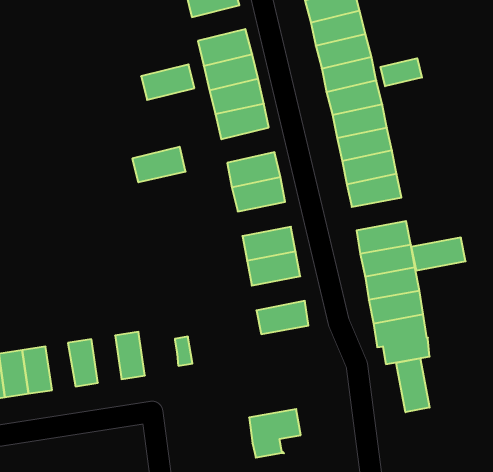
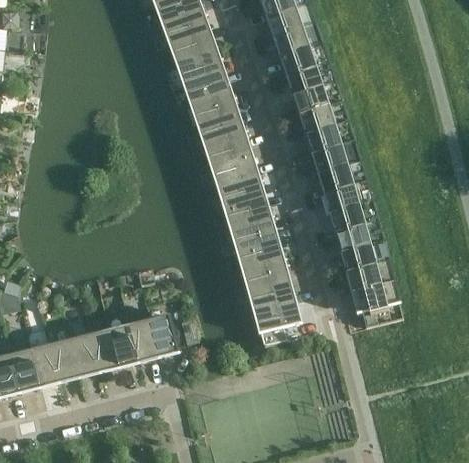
building: [380,58,422,86] -> none
building: [141,64,194,100] -> [168,28,215,62]
building: [132,147,186,182] -> [203,131,250,165]
building: none -> [223,194,270,227]
building: [411,238,466,271] -> [321,181,369,213]
building: none -> [241,257,288,290]
building: none -> [147,313,179,355]
building: none -> [107,323,136,365]
building: none -> [68,333,97,375]
building: [396,358,430,412] -> none
building: [249,409,301,458] -> [253,299,299,344]

